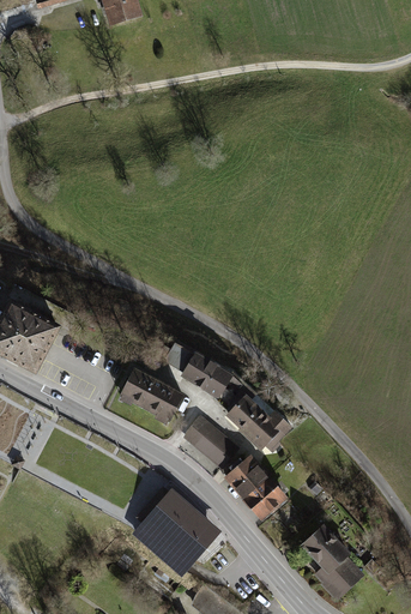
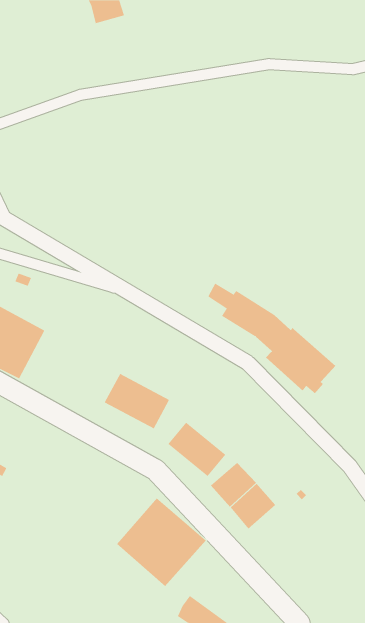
building: [167,344,292,453] -> [208,283,336,394]
building: [296,520,362,601] -> none

